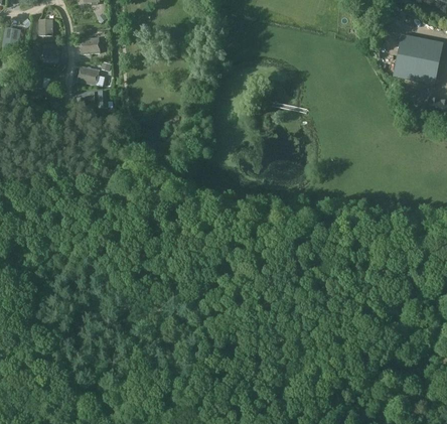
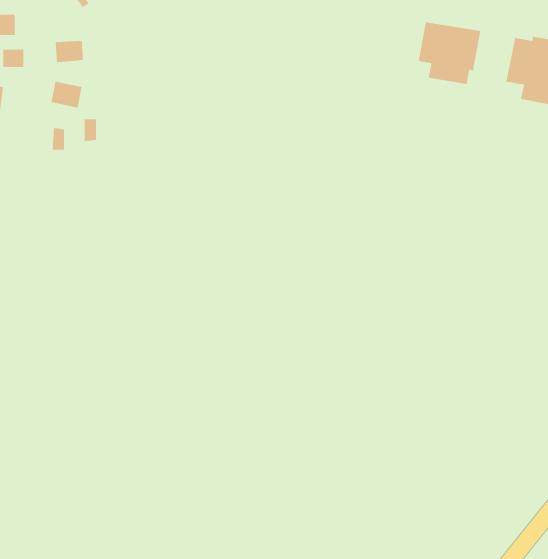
building: none -> [418,21,481,85]

